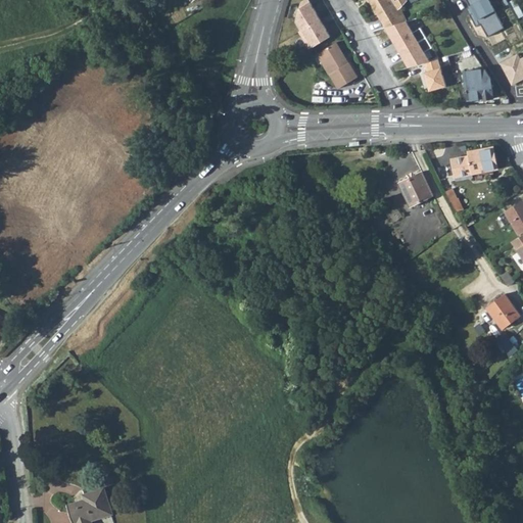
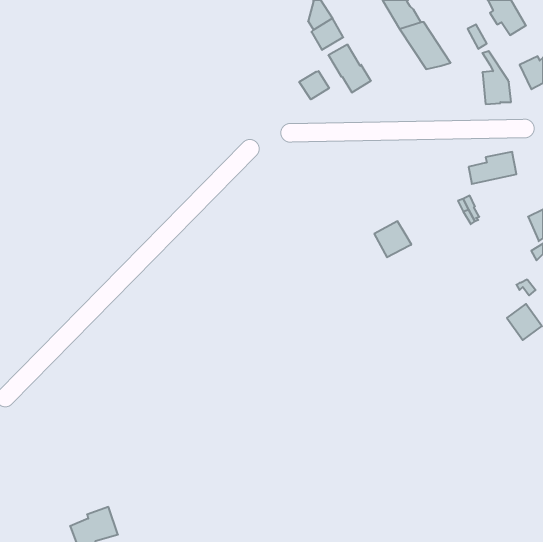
building: [424,60,445,92] -> none
building: none -> [299,71,329,99]
building: [399,173,435,207] -> [374,221,411,257]

